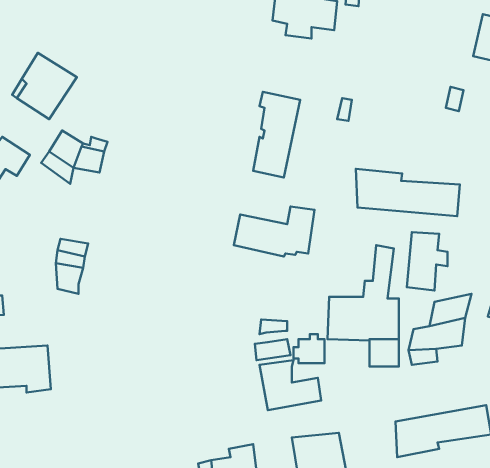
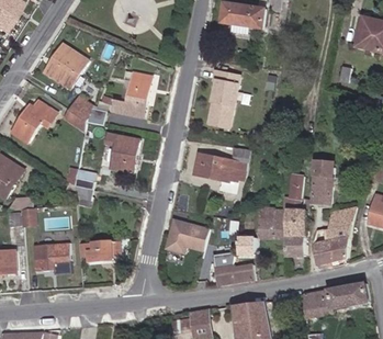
building: none -> [112,74,148,117]
building: [356,169,460,216] -> none
building: none -> [104,133,139,173]
building: none -> [165,219,209,253]
building: none -> [78,240,120,261]
building: none -> [315,242,349,267]

